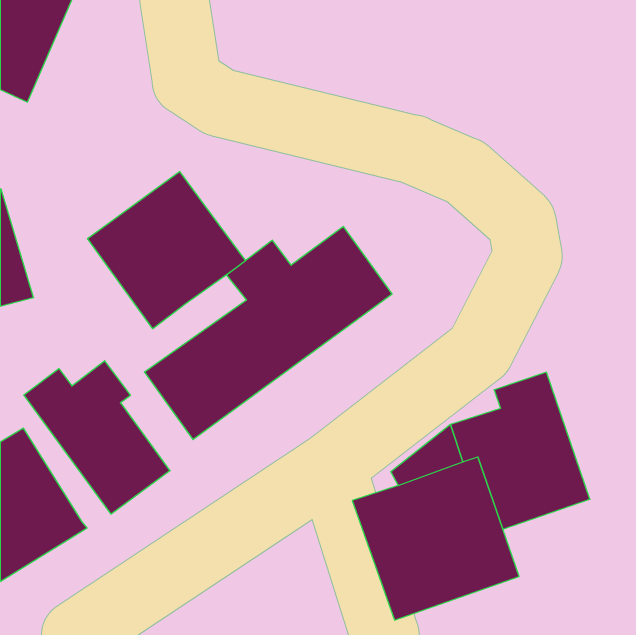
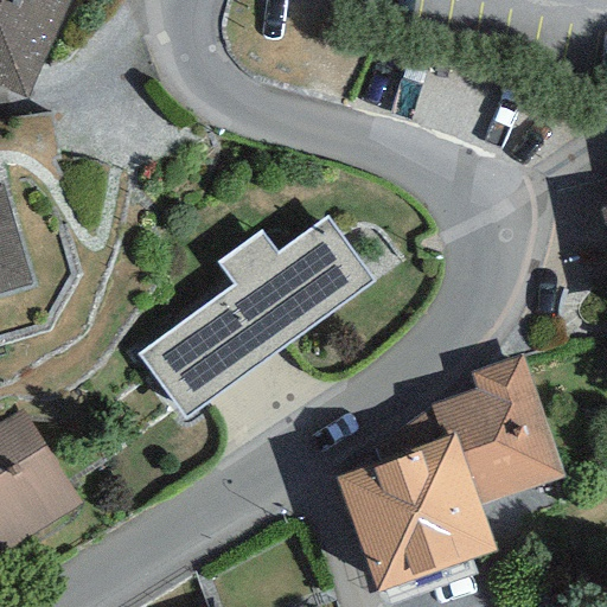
building: [88,172,245,329] -> none
building: [24,361,170,514] -> none

